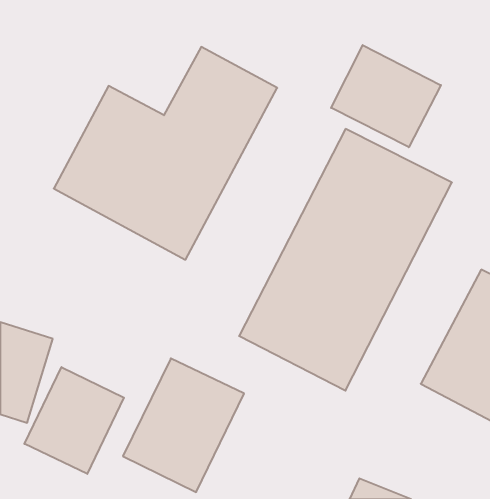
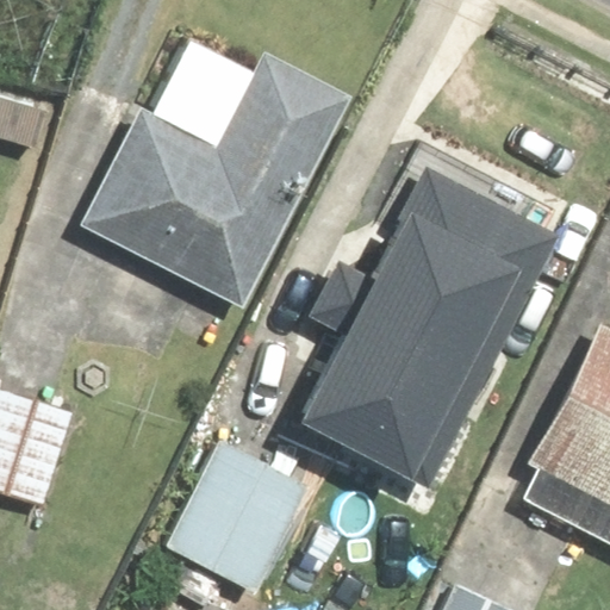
building: [331,45,441,147] -> none
building: [24,367,124,474] -> none

